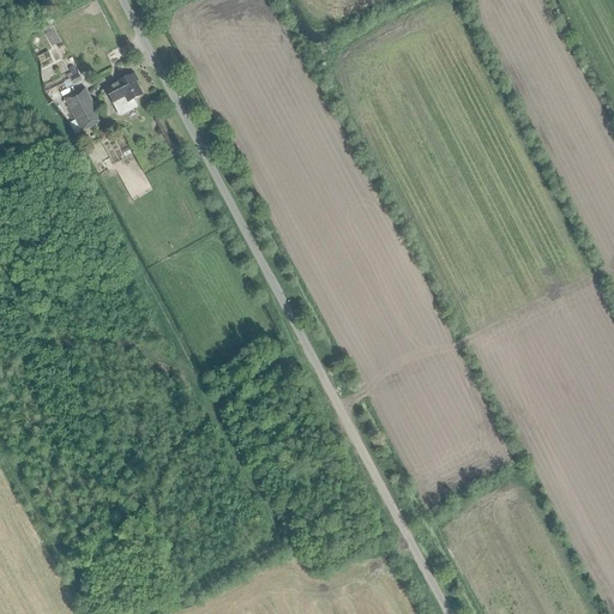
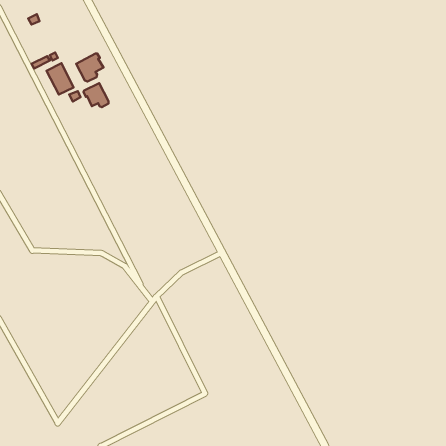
building: none -> [83,83,109,107]

